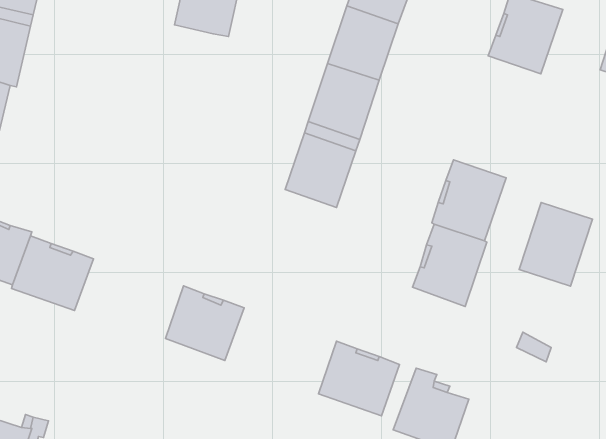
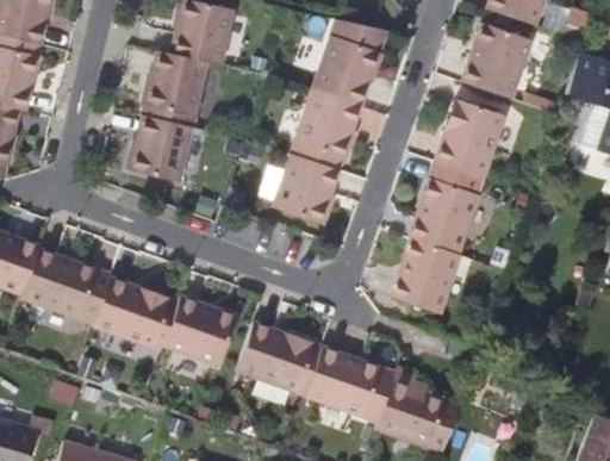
building: none -> [145,51,207,117]
building: none -> [130,114,193,182]
building: [519,203,592,286] -> [436,100,504,177]
building: none -> [93,278,172,347]
building: none -> [236,323,315,392]

